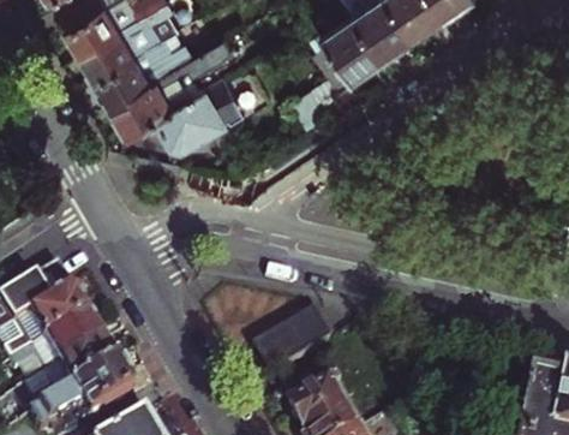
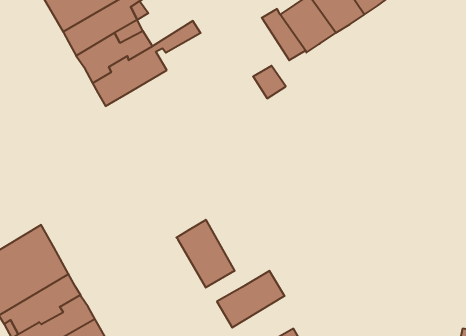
building: [160,81,246,150] -> none
building: none -> [176,220,235,288]

